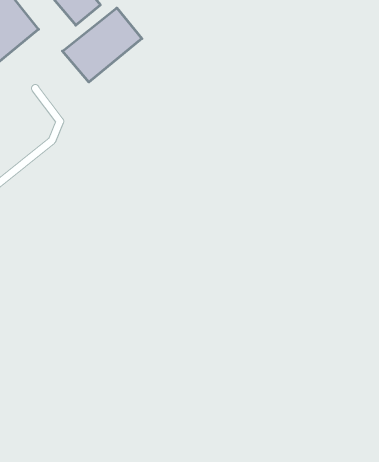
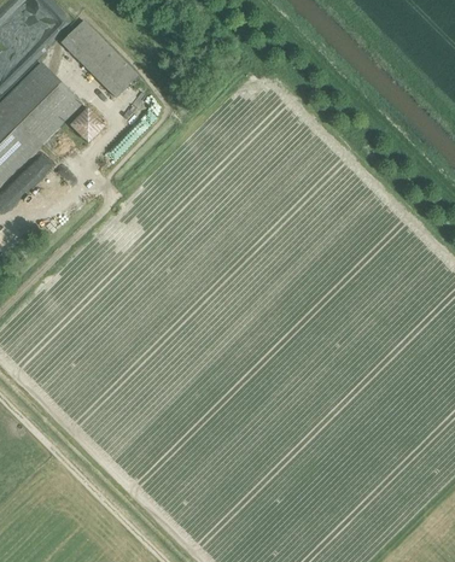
building: [62,8,142,82] -> none

